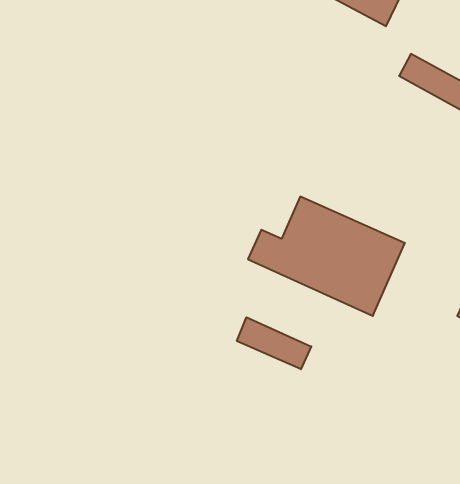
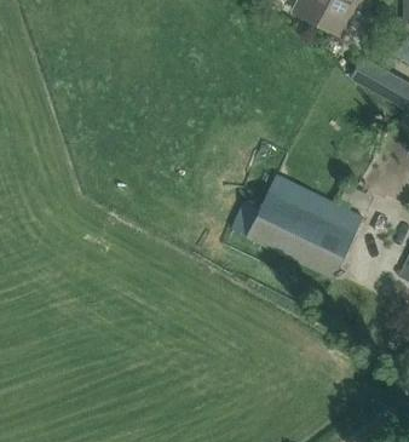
building: [237,317,311,369] -> none

